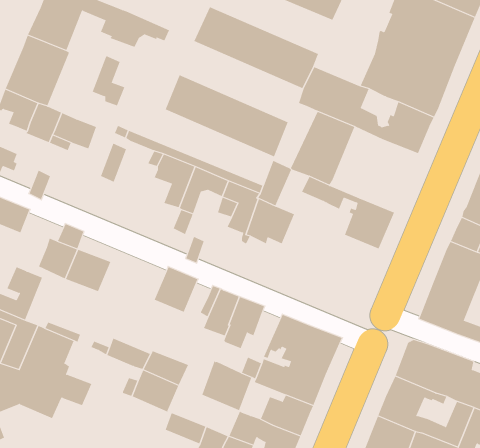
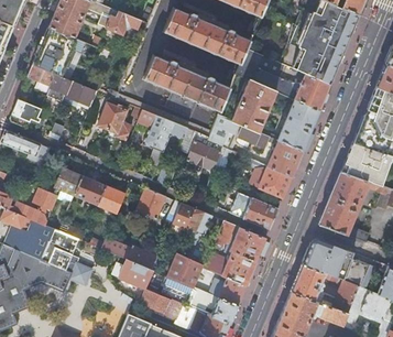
building: [92,56,125,106] -> [108,105,131,140]
building: none -> [258,100,319,151]
building: none -> [244,157,292,199]
building: none -> [97,185,125,215]
building: none -> [230,193,279,229]

